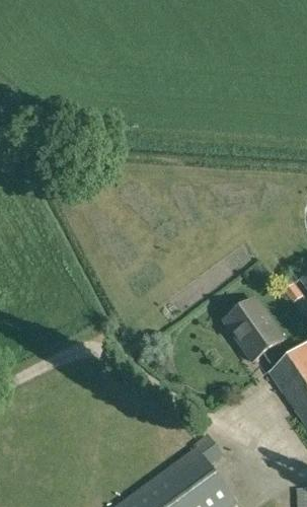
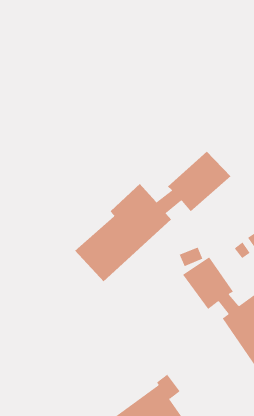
building: none -> [74,151,232,282]

